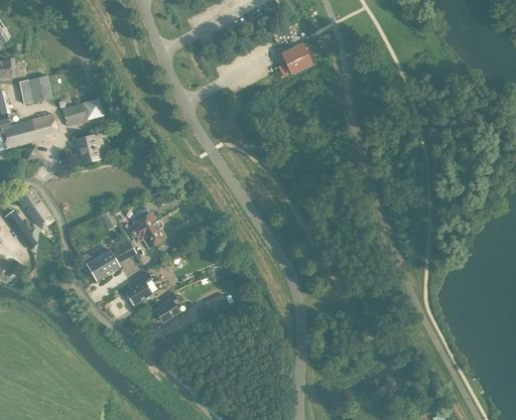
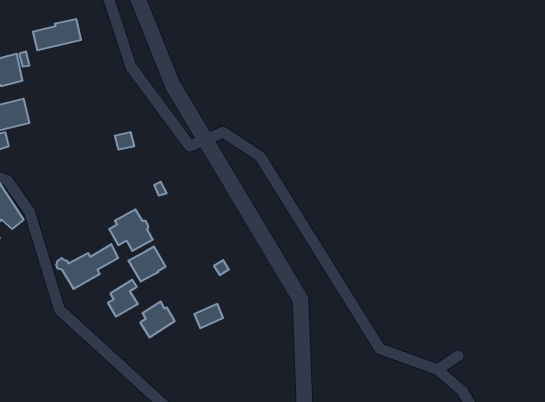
building: [280,38,320,76] -> none
building: [60,99,103,126] -> [33,19,81,50]
building: [77,136,101,163] -> none
building: none -> [128,246,166,282]

